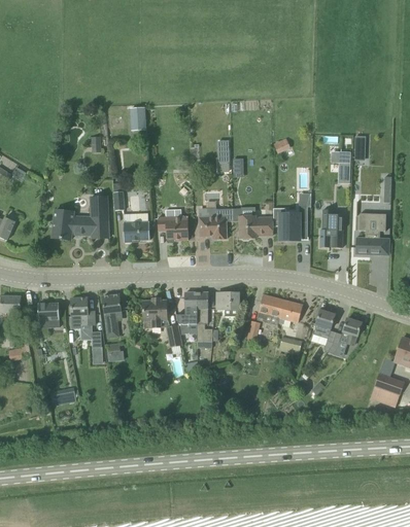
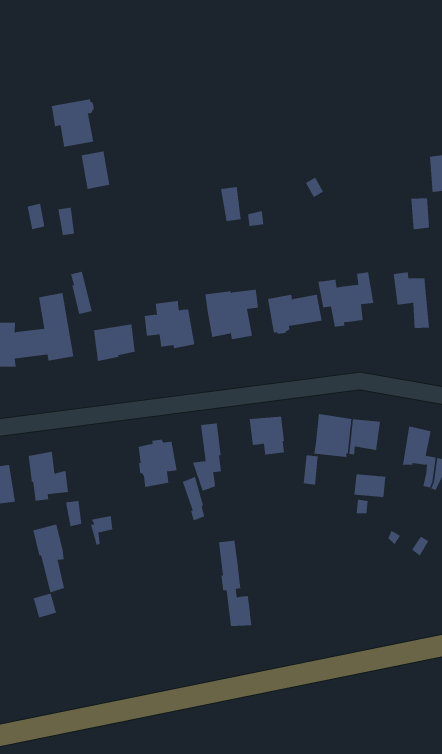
building: none -> [51,98,94,147]
building: [196,291,212,348] -> [218,540,252,627]
building: [103,293,122,338] -> [32,524,65,593]

